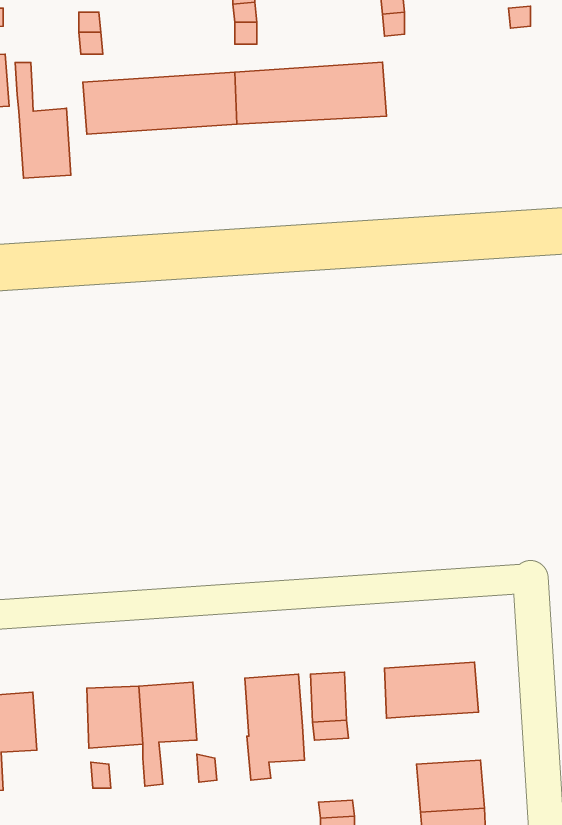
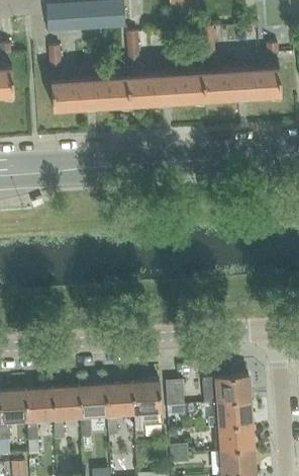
building: none -> [202,68,280,100]
building: [15,62,71,178] -> none
building: none -> [106,385,134,416]
building: none -> [25,390,54,455]
building: none -> [208,402,252,429]

